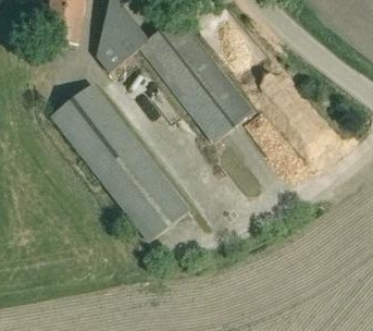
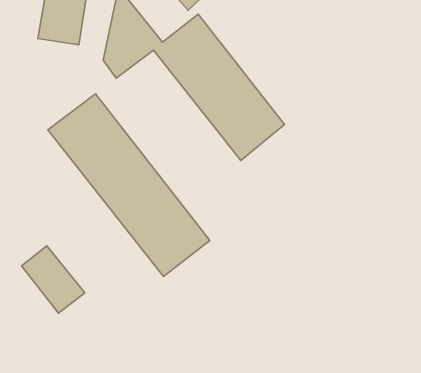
building: none -> [21,246,85,313]

